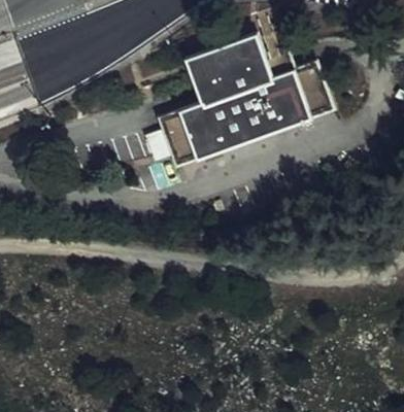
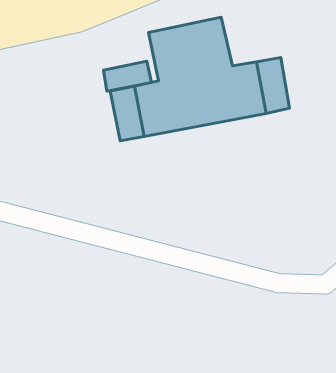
building: [237,33,277,83] -> none
building: none -> [103,61,152,91]

